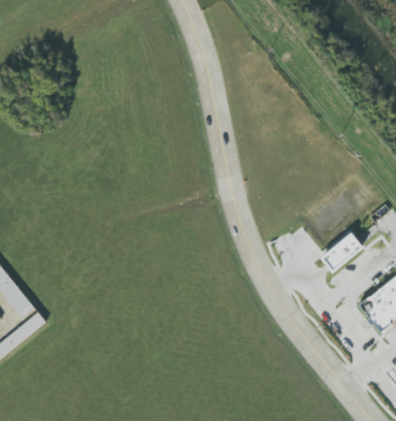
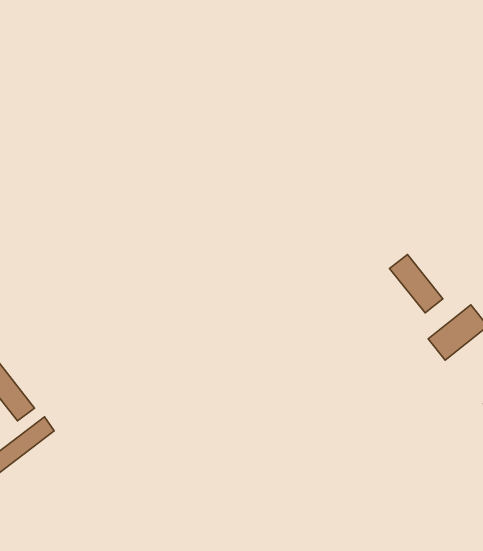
building: none -> [390,254,443,313]

